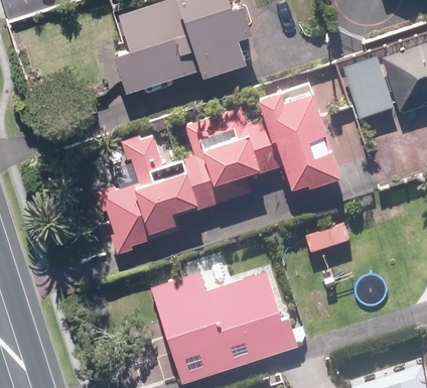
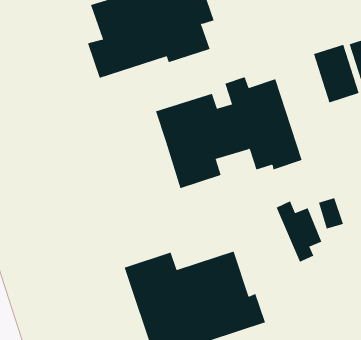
building: [99,132,209,256] -> none

